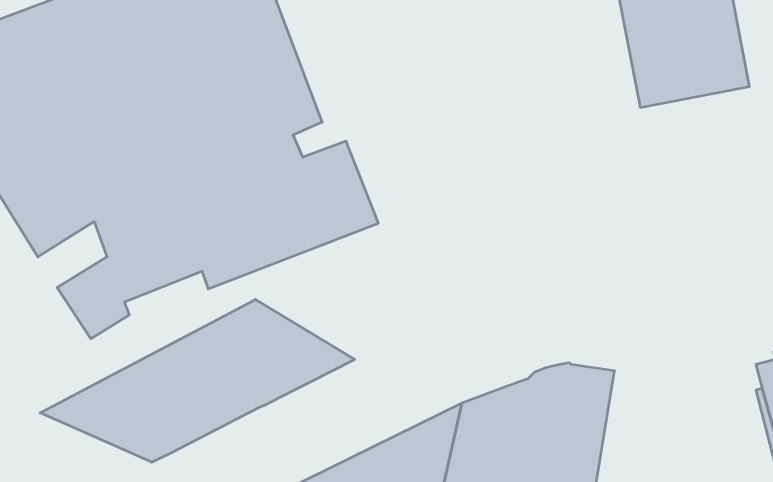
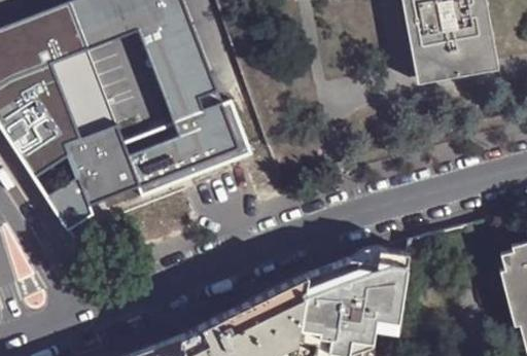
building: [40,299,355,462] -> none

